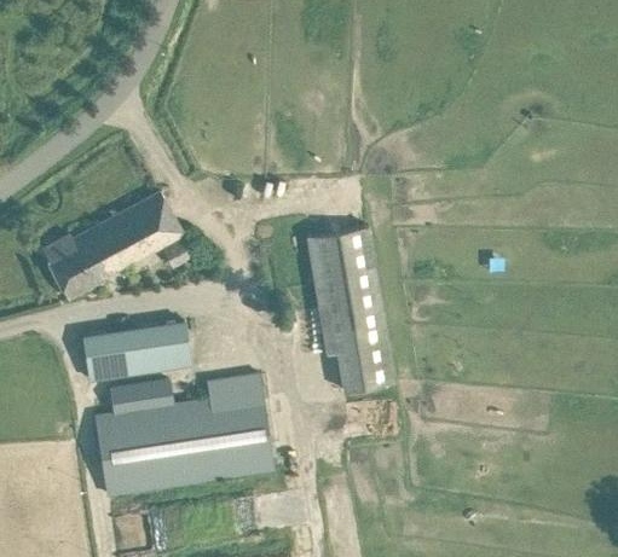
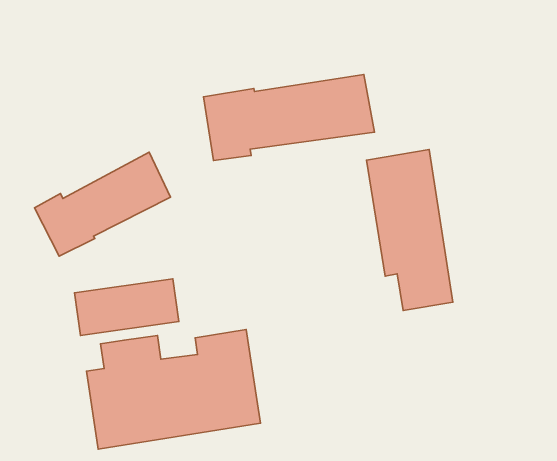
building: none -> [204,74,375,160]
building: [305,226,393,390] -> [366,150,453,310]

